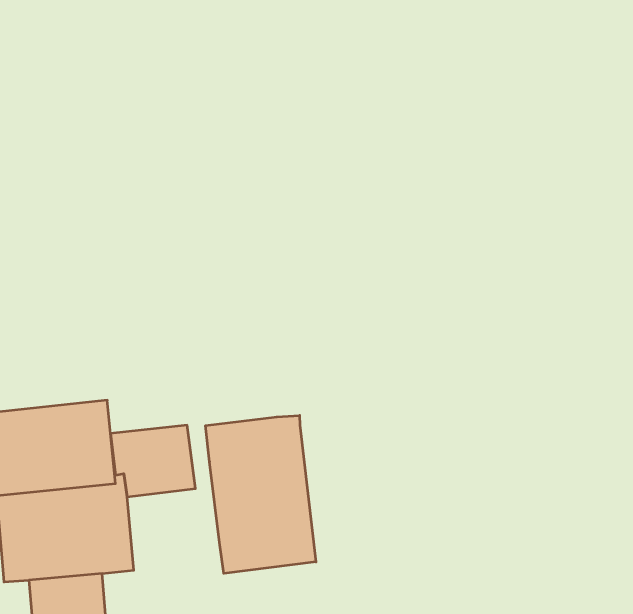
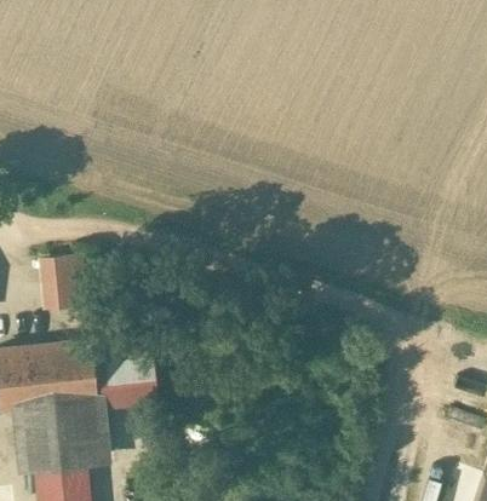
building: none -> [51,254,86,321]
building: [206,415,316,573] -> none

